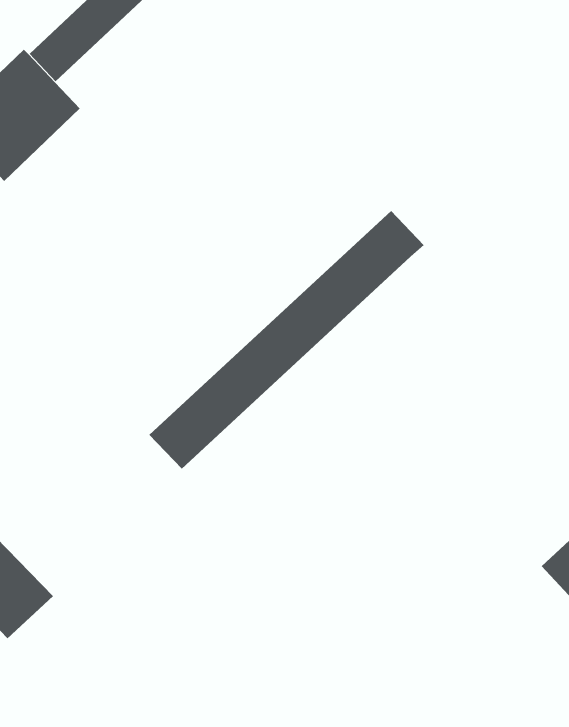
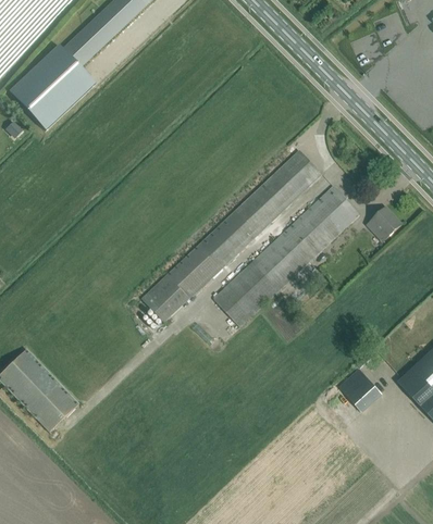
building: none -> [213,186,359,325]
building: none -> [368,207,401,240]
building: none -> [338,369,383,413]

